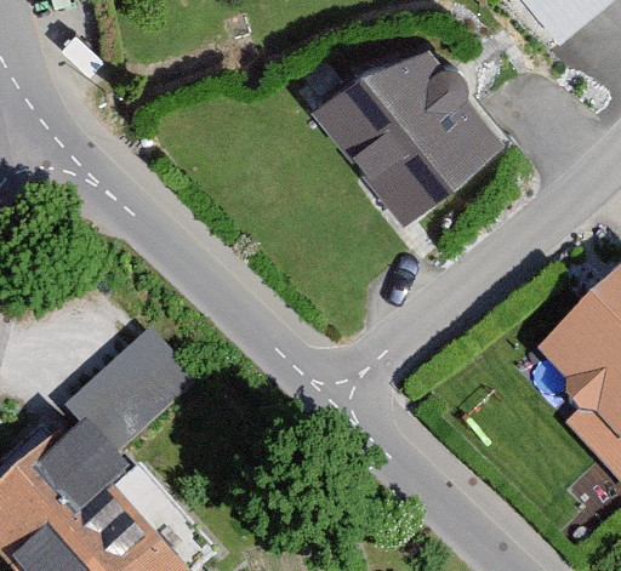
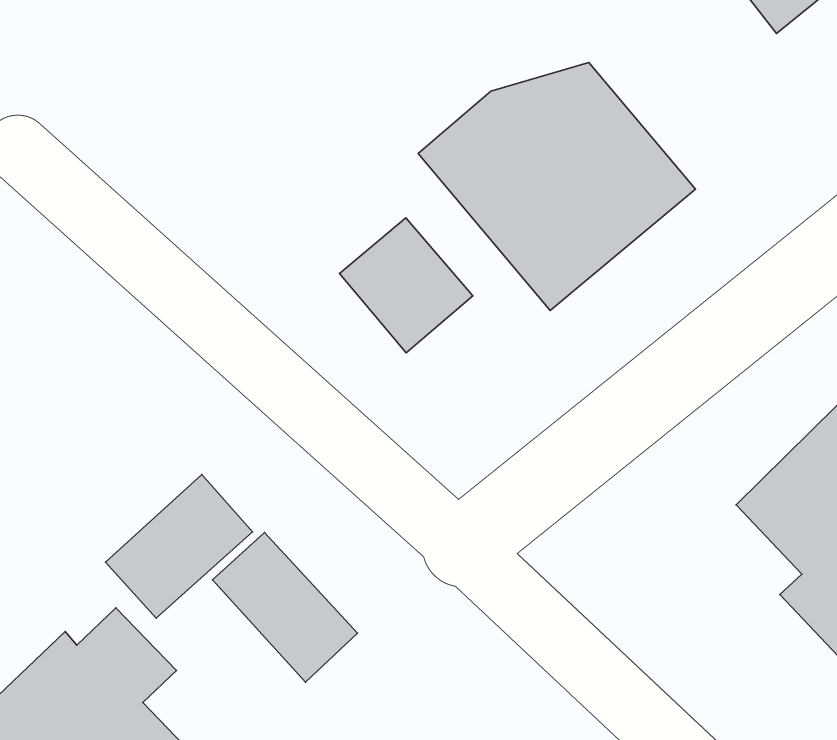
building: none -> [340,218,473,353]
building: none -> [212,532,357,682]

